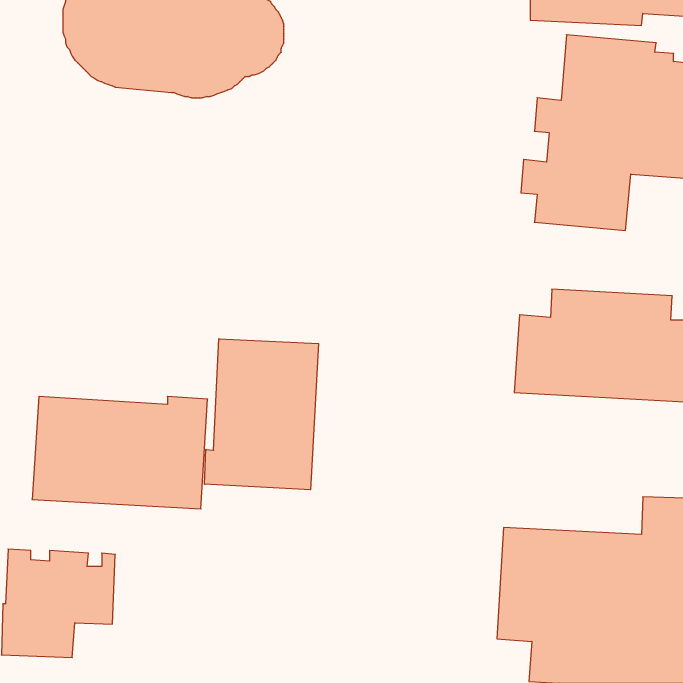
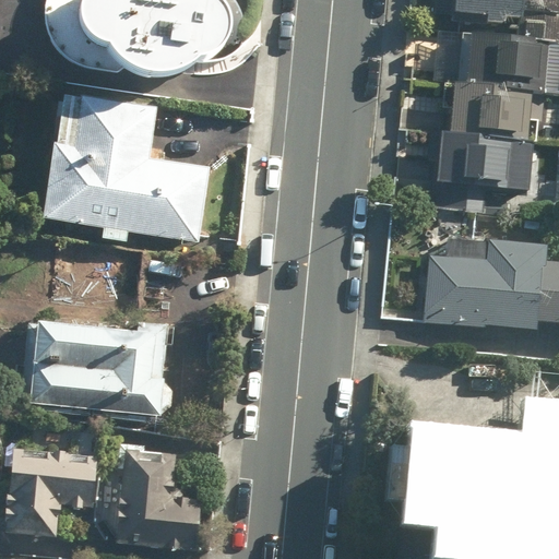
building: none -> [41,93,211,241]
building: [204,339,319,490] -> none
building: none -> [117,443,203,552]

